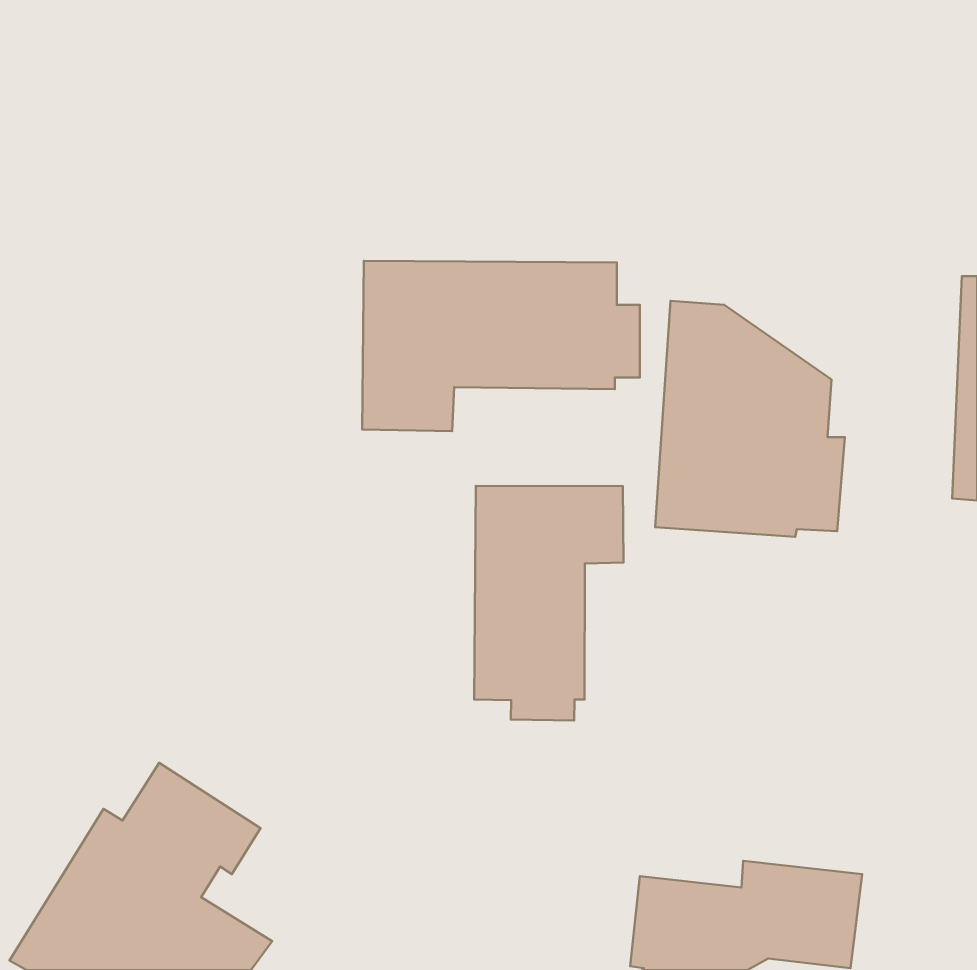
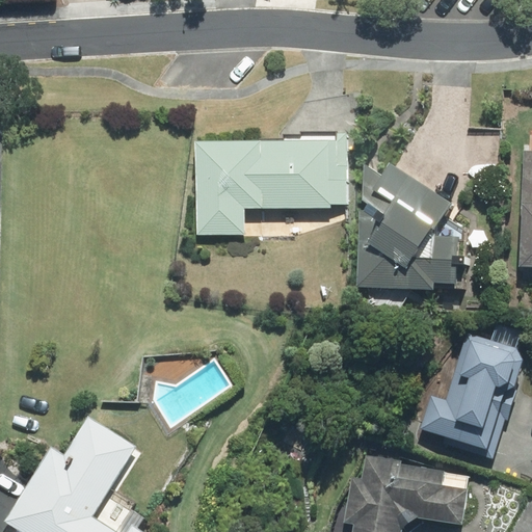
building: [474,486,623,721] -> none
building: none -> [425,335,525,455]

